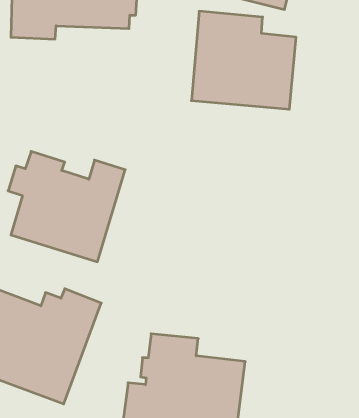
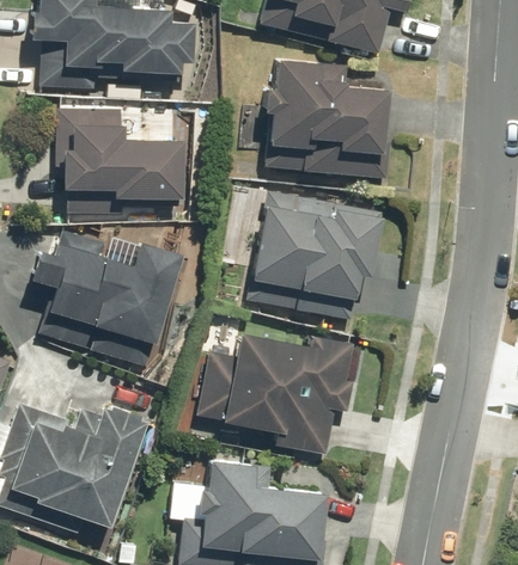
building: none -> [54,109,185,214]
building: none -> [246,192,386,321]
building: none -> [195,332,355,455]

